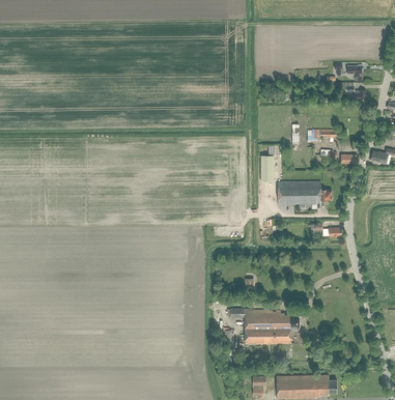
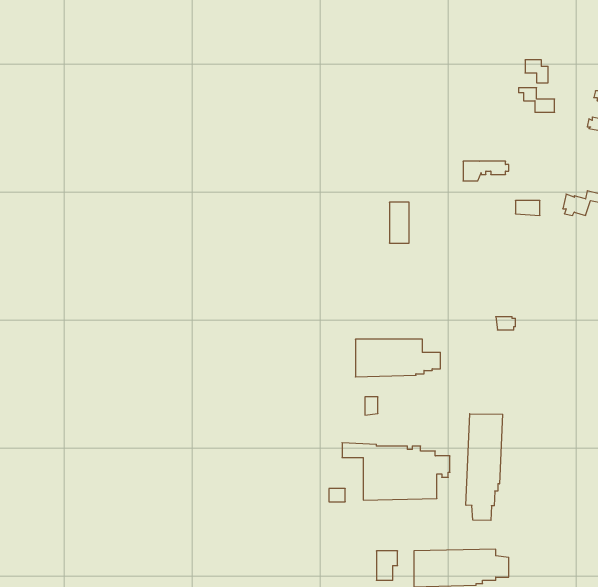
building: [277,181,331,205] -> [355,339,440,377]
building: none -> [466,414,503,520]

